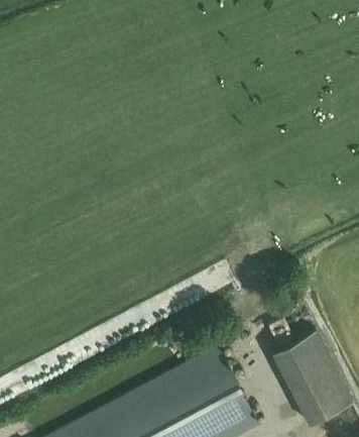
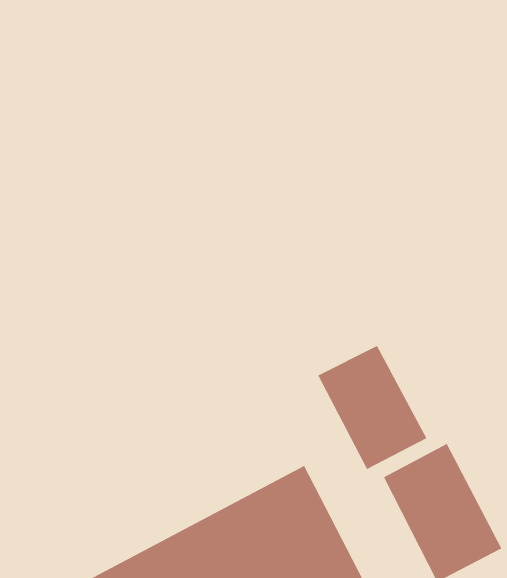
building: none -> [317,345,427,470]

